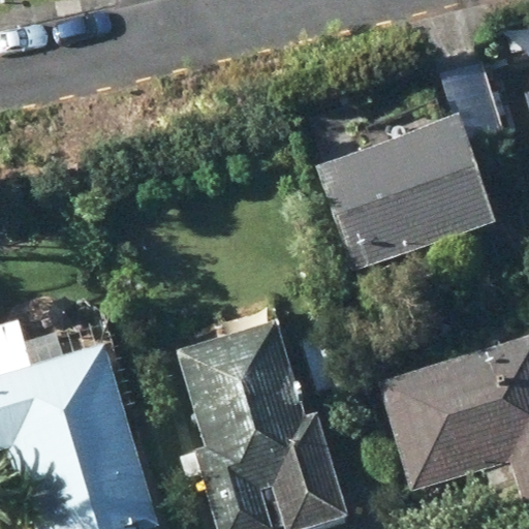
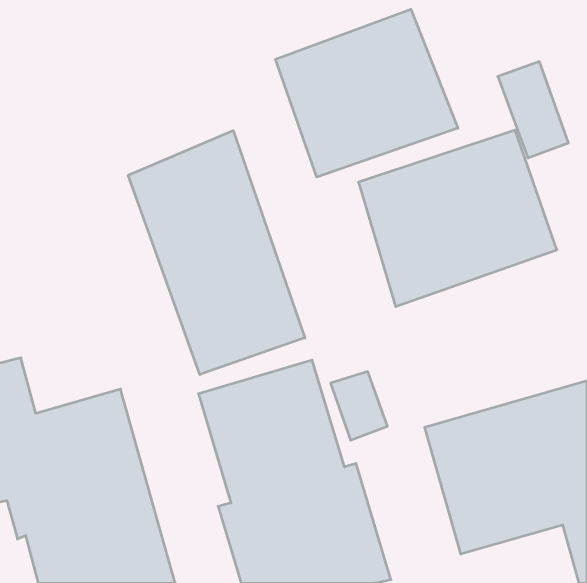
building: none -> [276,9,458,177]
building: none -> [128,131,305,375]

